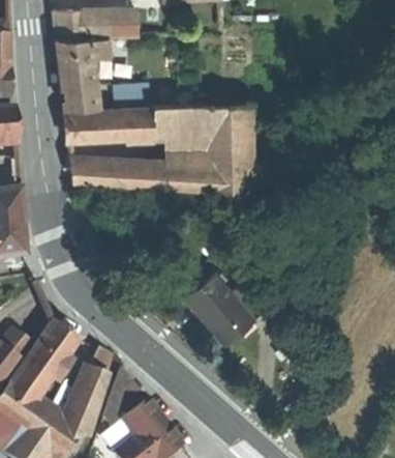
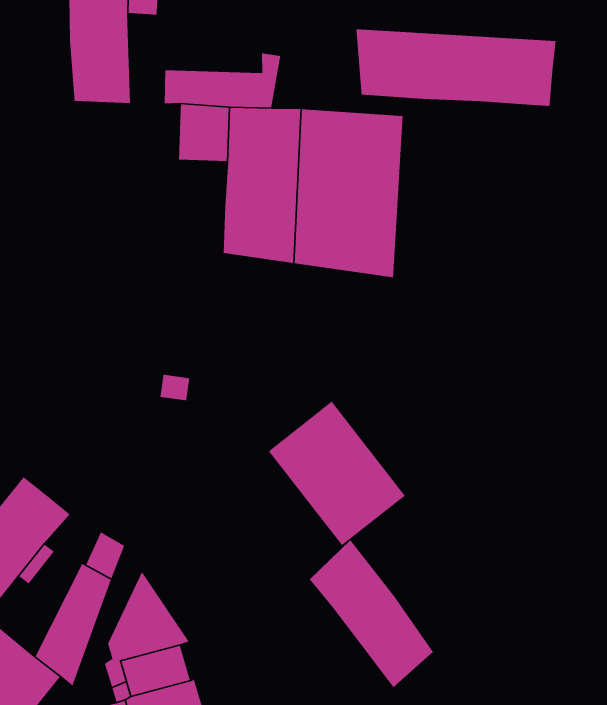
building: none -> [355,29,557,107]
building: [64,108,125,138] -> none
building: [70,160,154,187] -> none
building: none -> [309,539,434,688]

